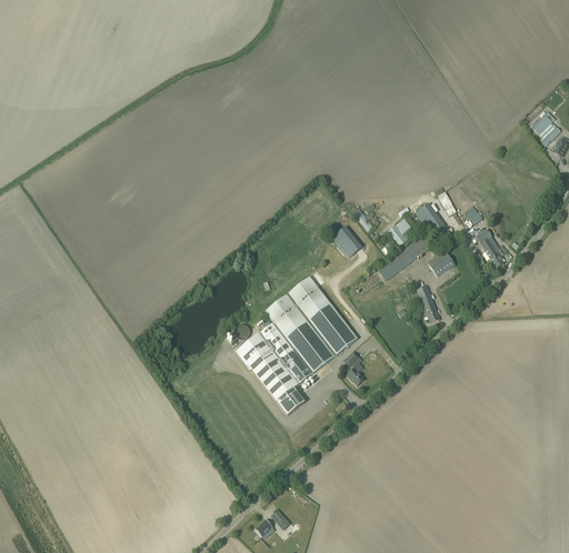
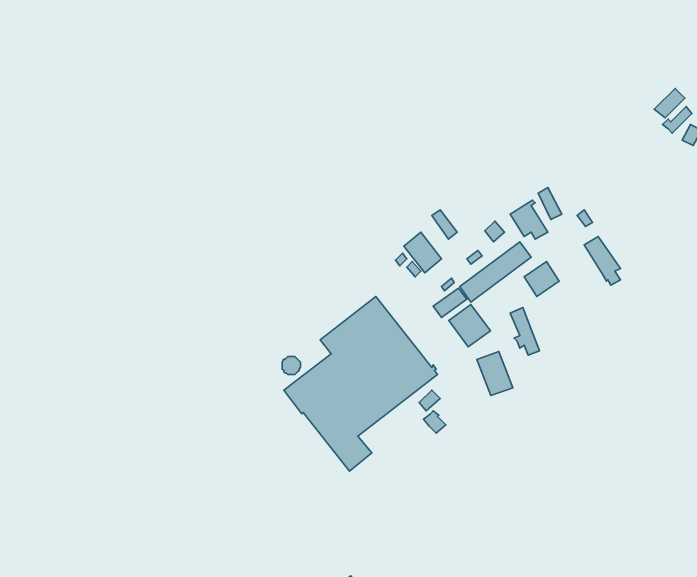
building: none -> [449,305,490,347]
building: none -> [477,352,513,396]

